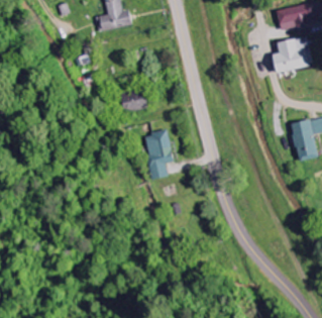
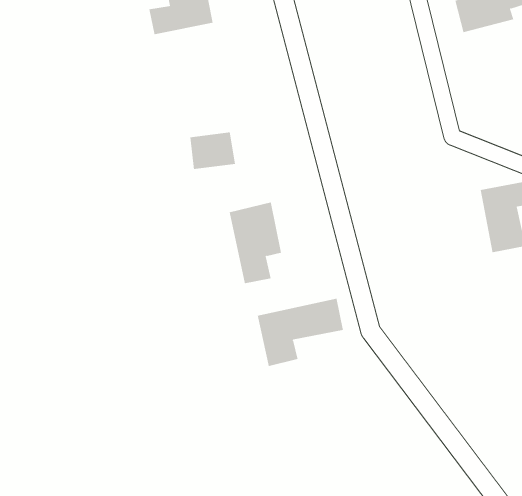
building: [274,36,311,73] -> none
building: none -> [257,298,344,367]

